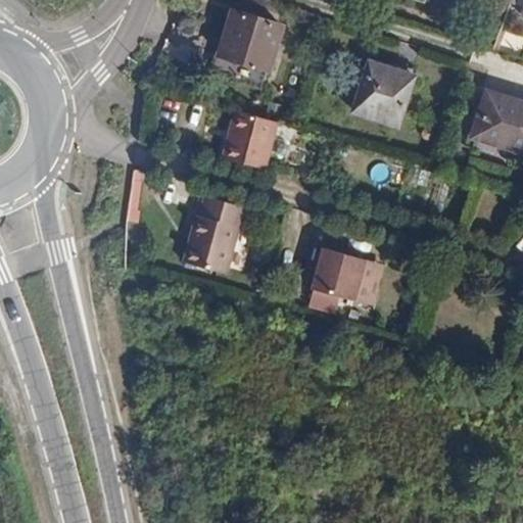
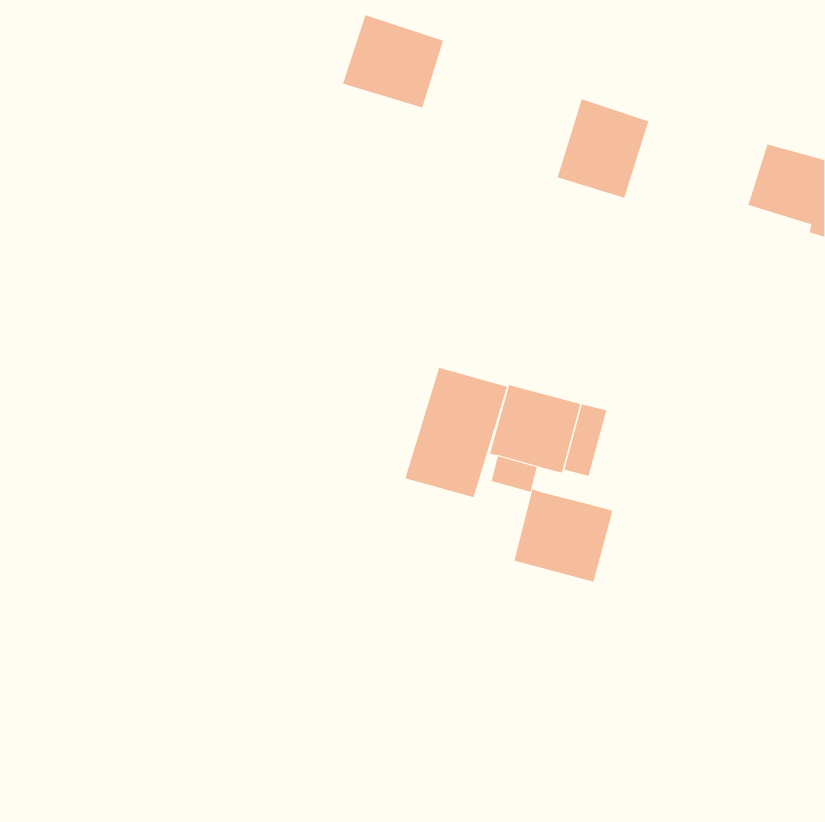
building: [221,110,278,171] -> none
building: [181,194,246,277] -> [405,367,508,498]
building: none -> [514,488,612,583]

